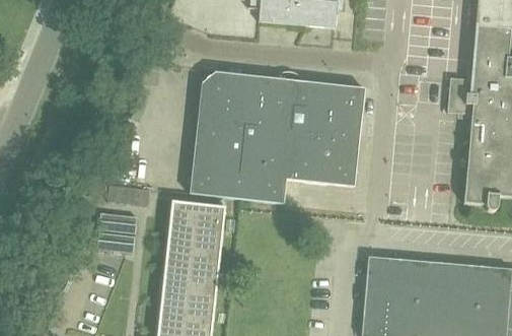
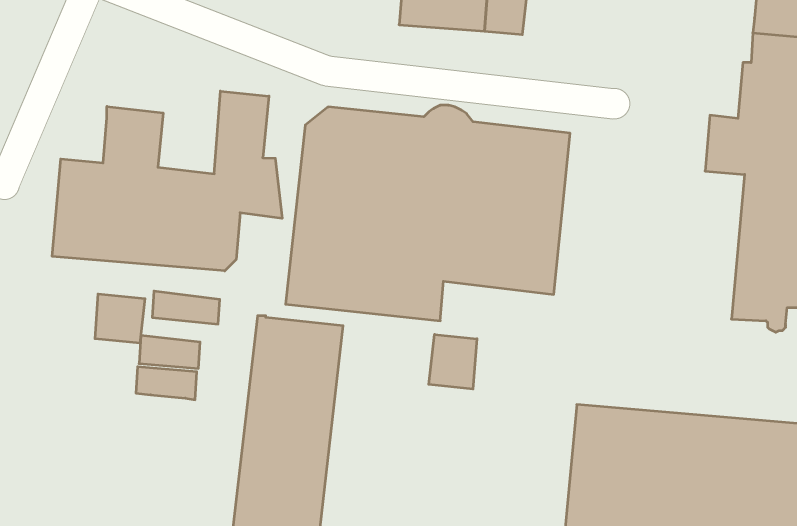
building: none -> [52,91,282,271]
building: none -> [95,294,145,343]
building: none -> [429,334,477,389]

